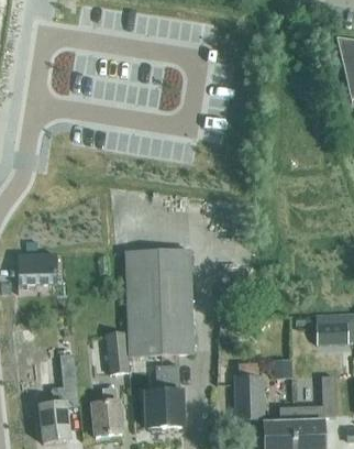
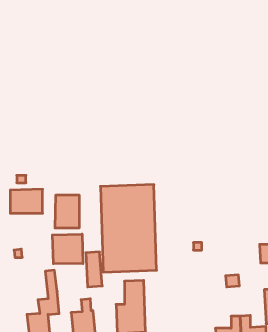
building: none -> [55,195,79,228]
building: none -> [52,234,83,264]
building: [233,379,263,419] -> none

